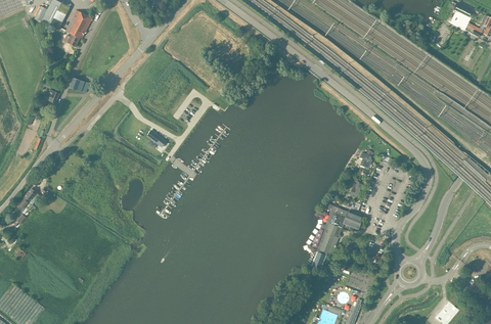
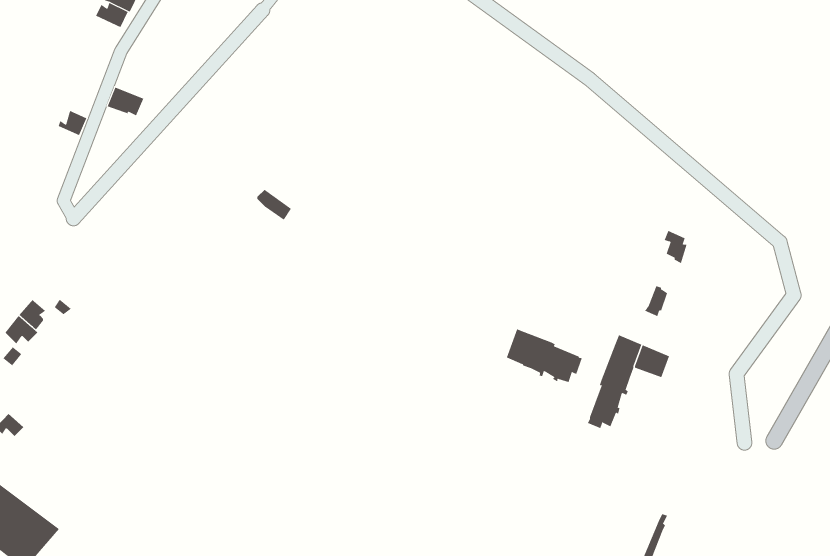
building: none -> [506,329,583,383]

